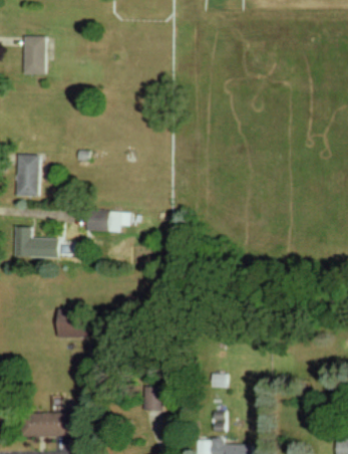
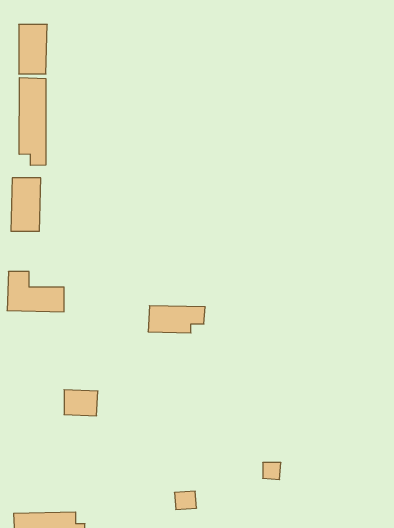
building: none -> [19,78,46,165]
building: [86,211,130,232] -> [148,306,205,333]

